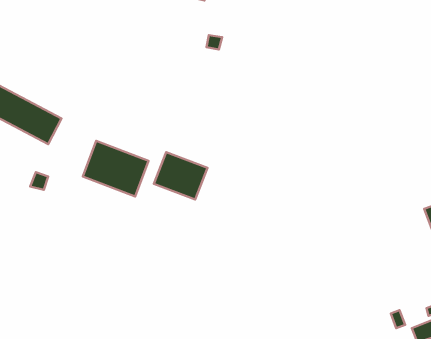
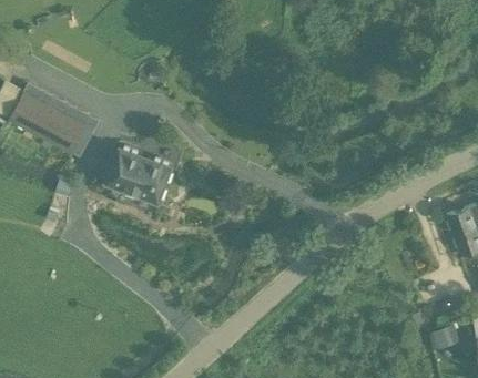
building: [154,152,208,200] -> none

